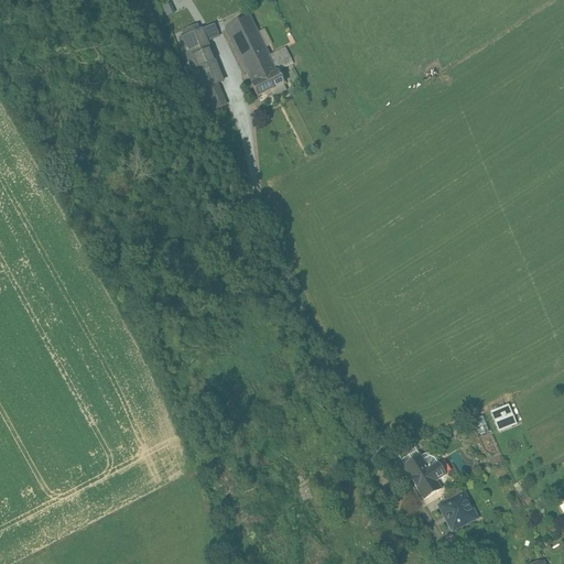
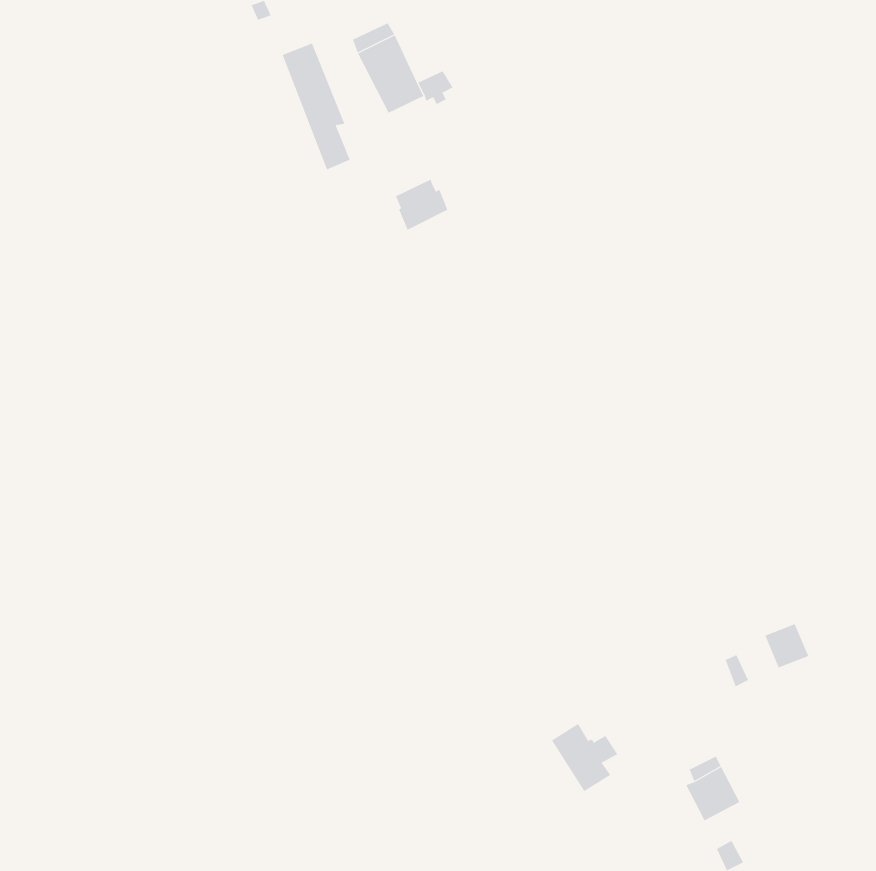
building: [249,62,283,95] -> [395,179,448,230]
building: [402,453,445,497] -> [551,723,618,792]

